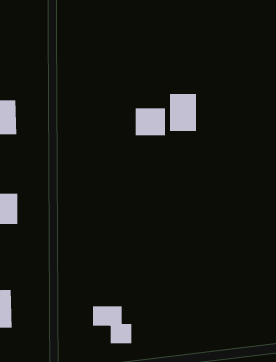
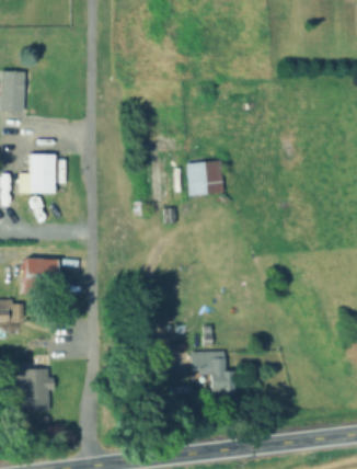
building: [170,93,196,132] -> none
building: [92,306,132,344] -> [192,351,237,393]

